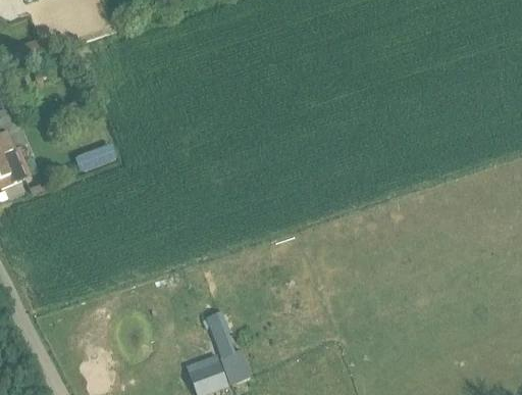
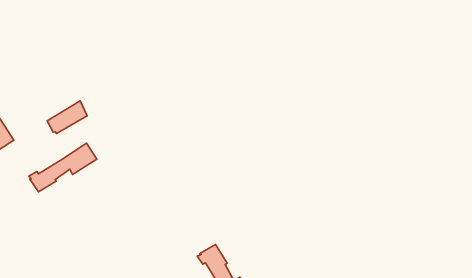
building: none -> [29,143,97,192]

